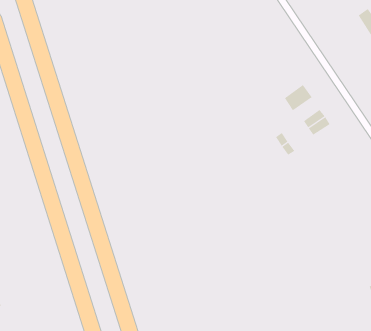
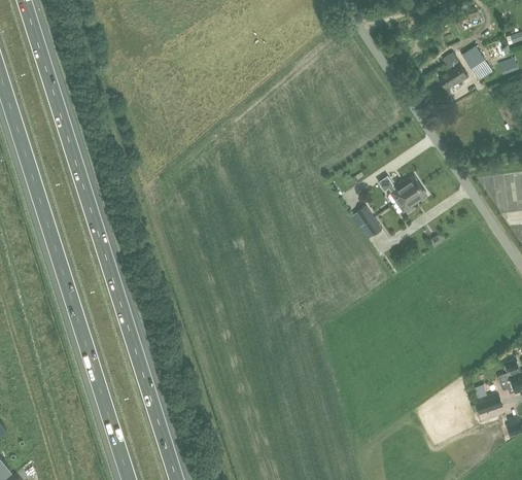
building: none -> [438,61,467,90]
building: [284,84,313,111] -> none

